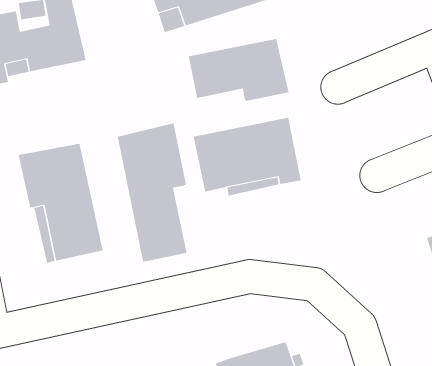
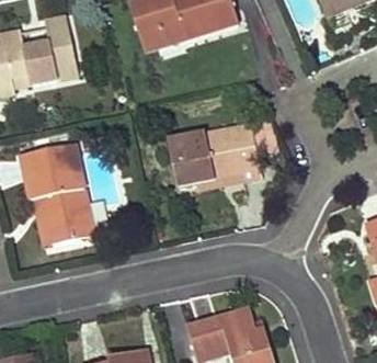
building: [188,38,289,102] -> none
building: [117,122,187,263] -> none

